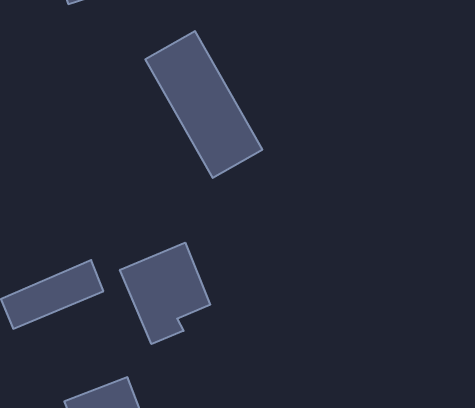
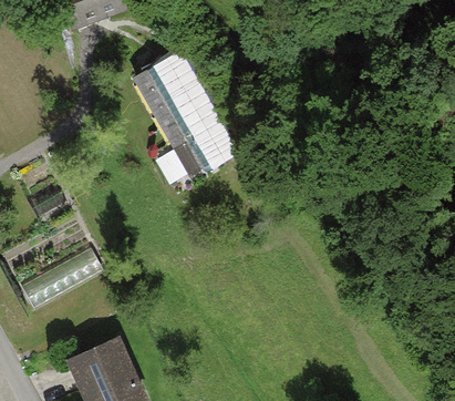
building: [120,243,210,344] -> none

